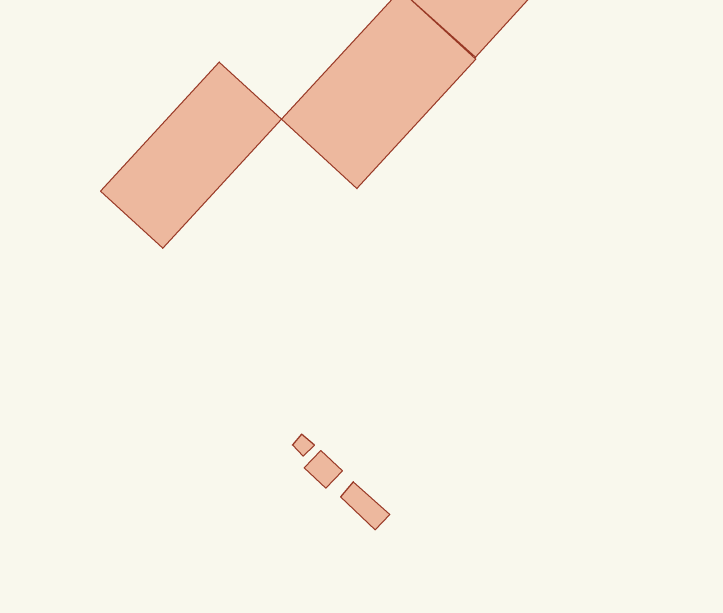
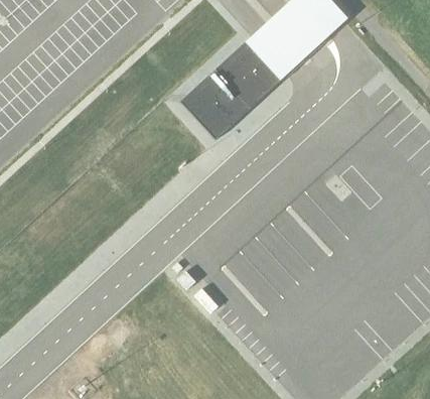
building: [101,62,282,248] -> none

